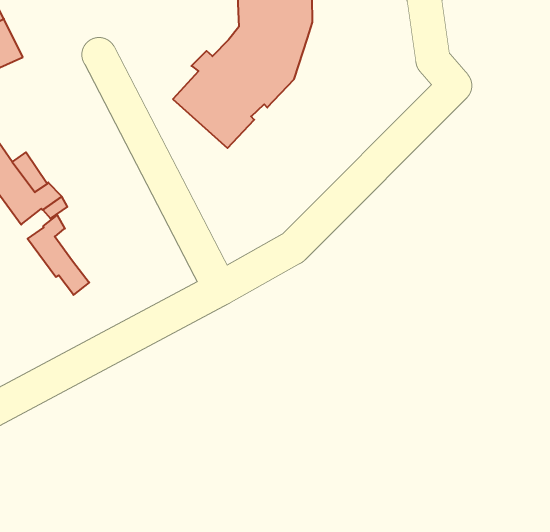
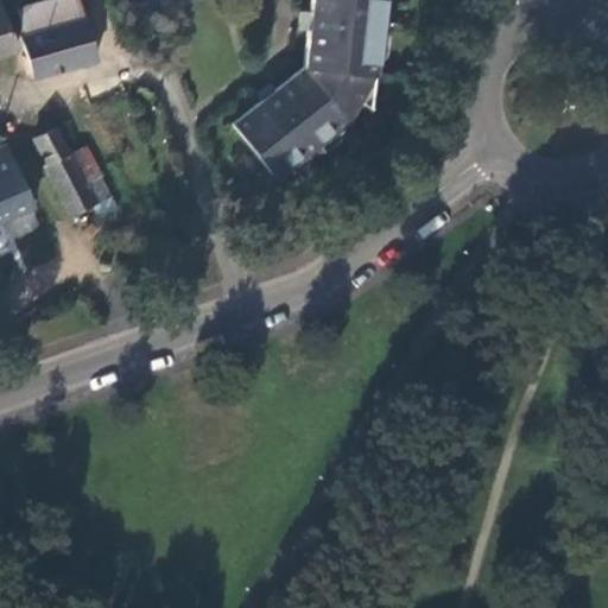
building: [28,215,89,295] -> none

